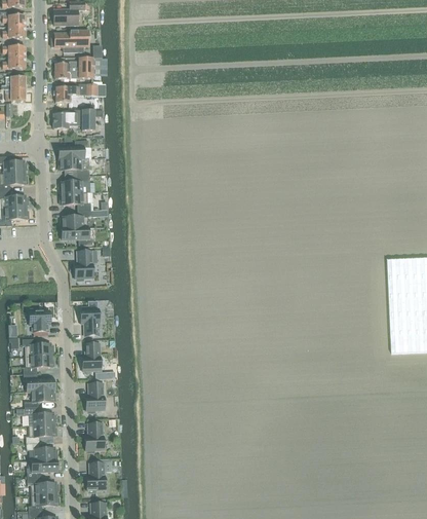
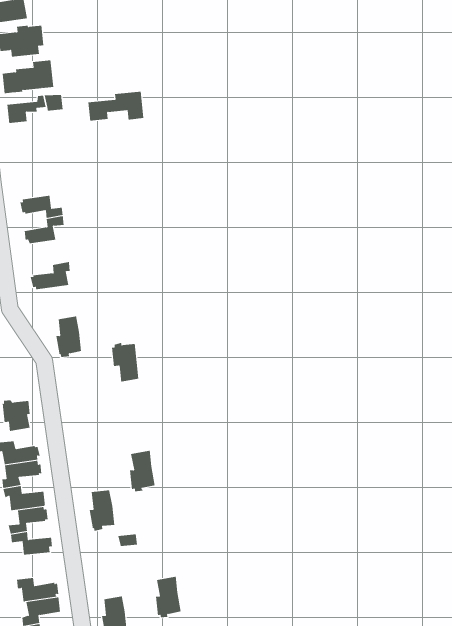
building: [53,109,94,129] -> [88,91,144,121]
building: [59,140,88,158] -> none
building: [60,191,90,210] -> none
building: [62,226,91,245] -> none
building: [80,305,99,335] -> [111,342,139,382]
building: [82,342,101,372] -> [129,450,156,492]
building: [85,422,104,452] -> [155,576,181,618]
building: [26,424,56,442] -> none

